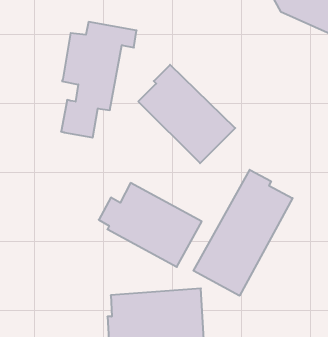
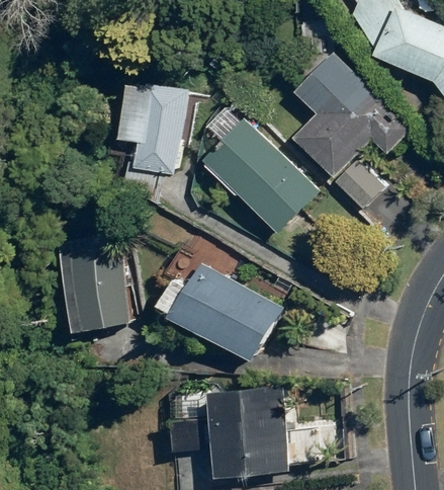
building: none -> [293,53,411,213]
building: none -> [61,211,134,330]
building: [193,170,293,296] -> none

